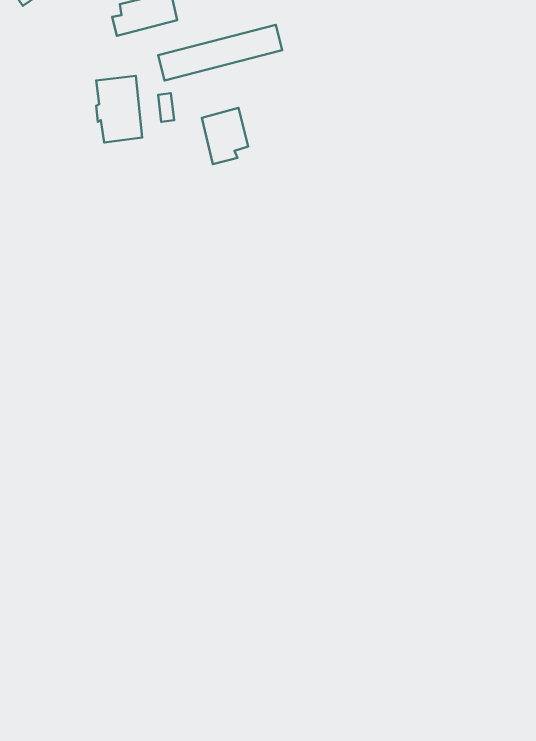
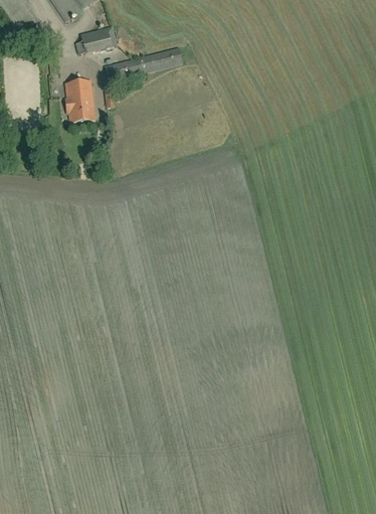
building: [202,108,248,164] -> none

